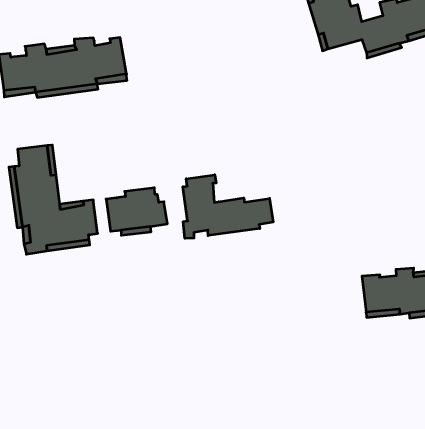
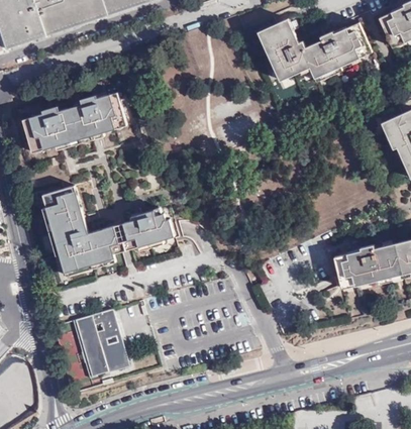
building: [183,175,273,238] -> none
building: none -> [72,312,130,381]

